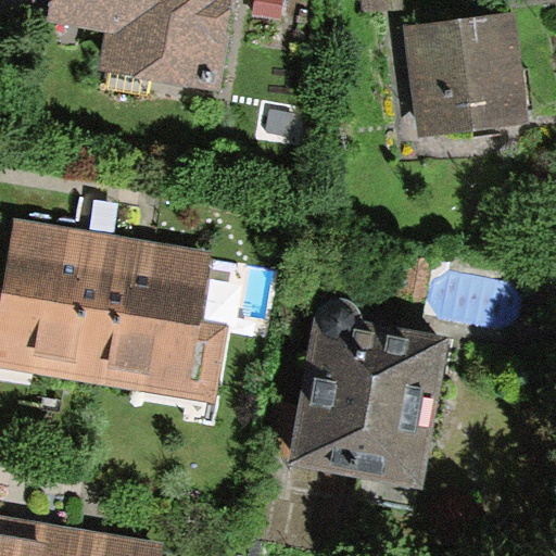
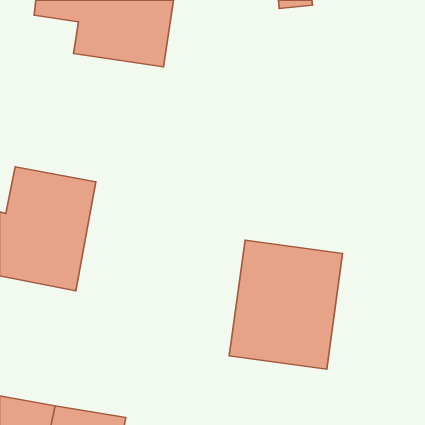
building: [399,9,526,134] -> none
building: [99,238,227,400] -> none

